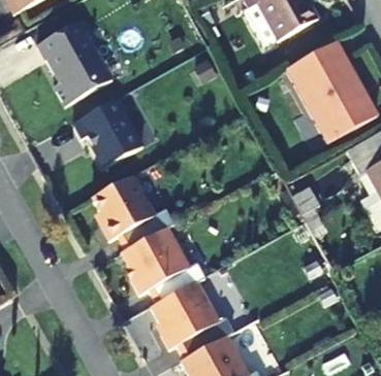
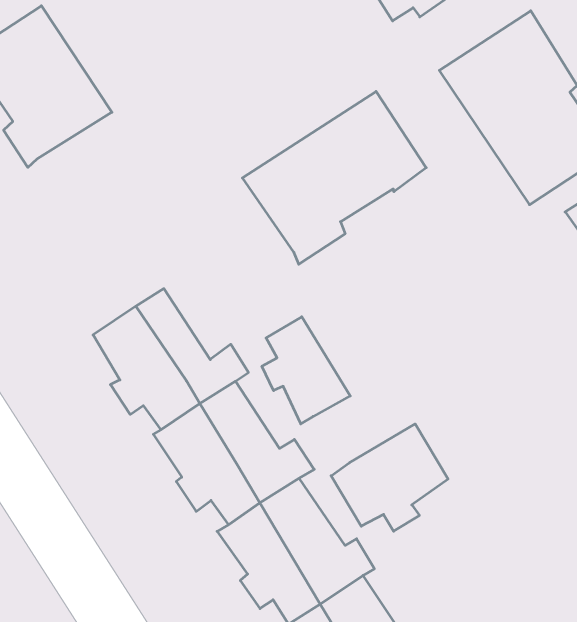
building: none -> [242,91,426,264]
building: [73,99,142,168] -> none
building: none -> [262,317,350,424]
building: none -> [331,424,448,531]

